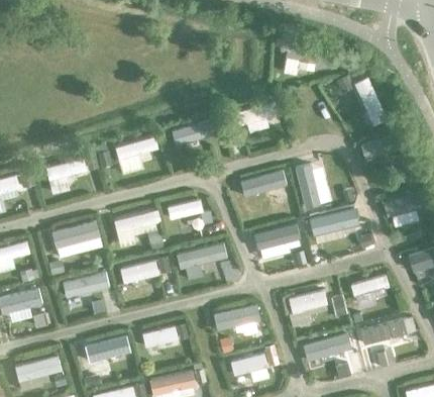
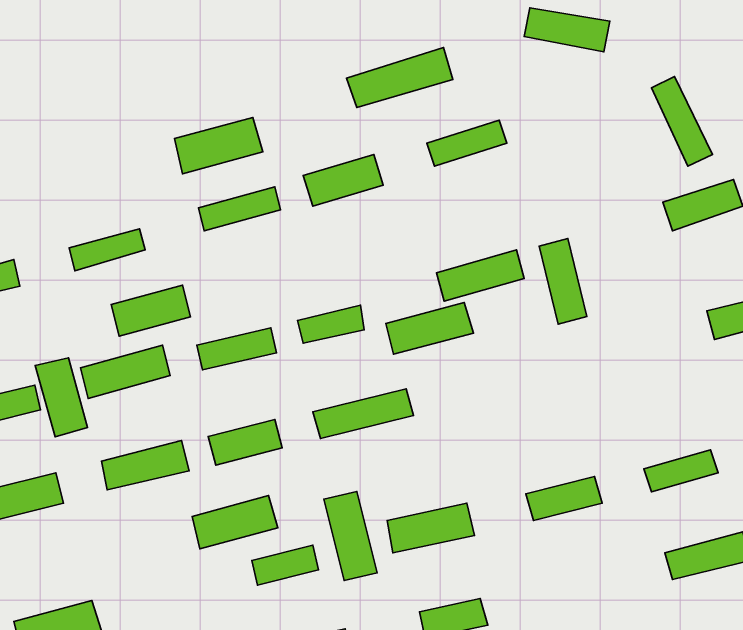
building: none -> [346,47,453,107]
building: none -> [174,117,263,174]
building: none -> [111,285,191,336]
building: [309,207,359,235] -> none
building: [254,223,301,251] -> [386,303,474,354]
building: none -> [35,358,87,437]
building: none -> [324,492,377,581]
building: [302,332,352,362] -> none
building: [85,335,130,364] -> [192,495,278,549]

